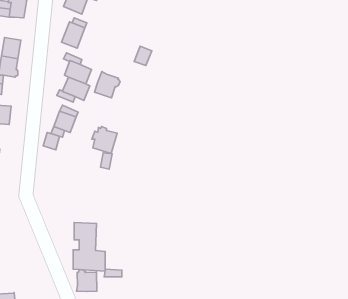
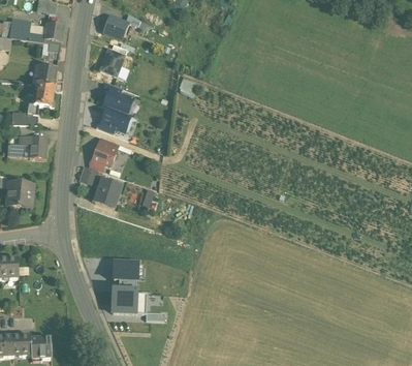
building: [94,72,120,98] -> none
building: [92,126,117,154] -> [94,178,121,207]
building: [77,269,97,292] -> none

